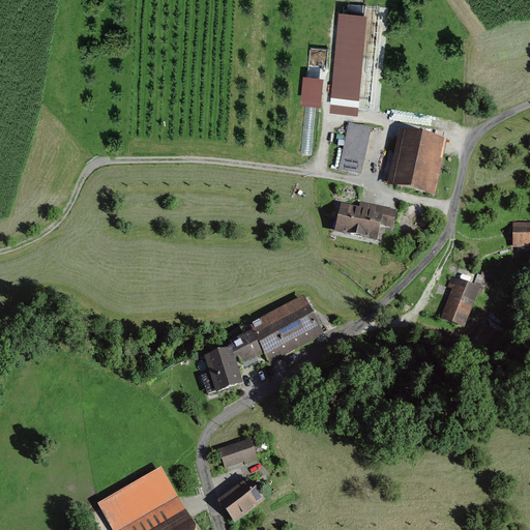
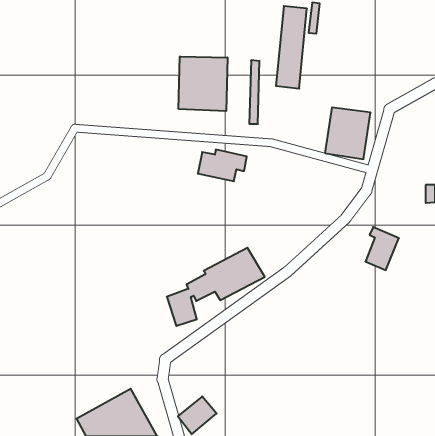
building: none -> [179,56,227,111]
building: [338,120,375,172] -> none
building: [338,201,398,239] -> [198,150,247,181]
building: [214,437,253,465] -> none

